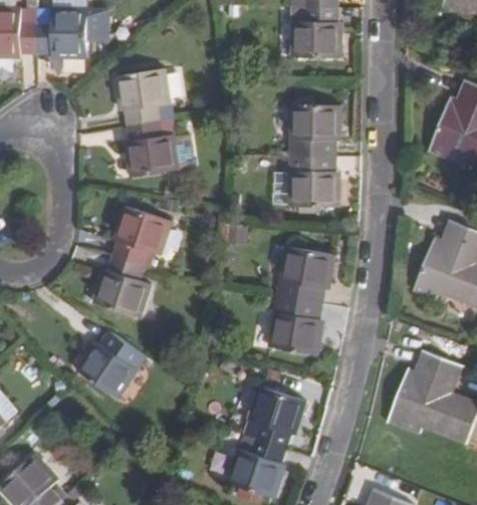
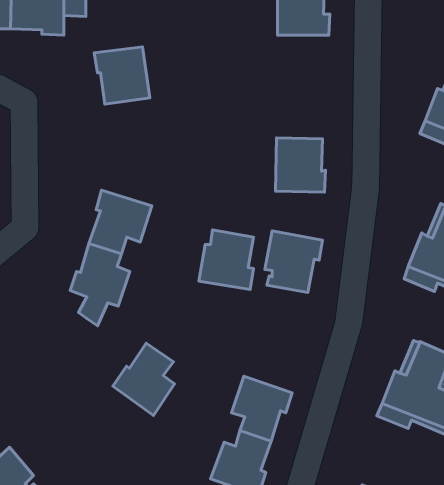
building: [291,103,341,157] -> none
building: [127,118,178,176] -> none
building: [269,297,321,354] -> [199,230,253,289]
building: [77,329,137,399] -> [113,343,175,415]

